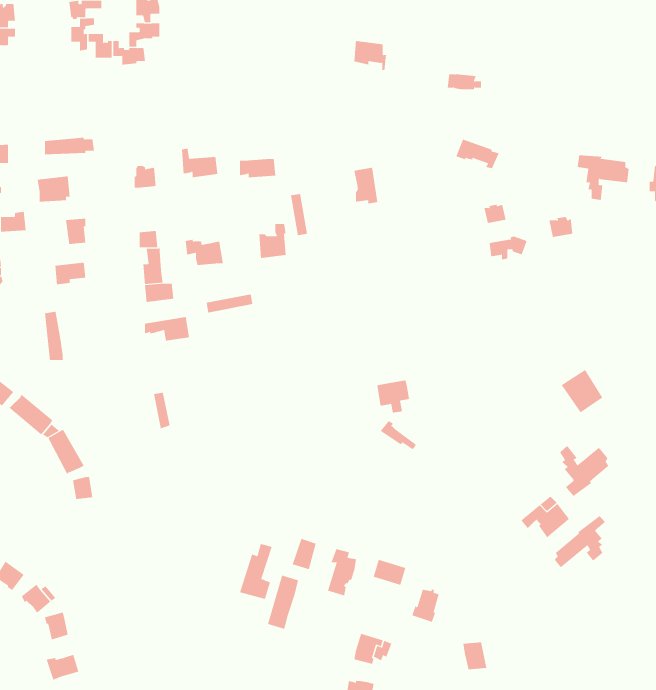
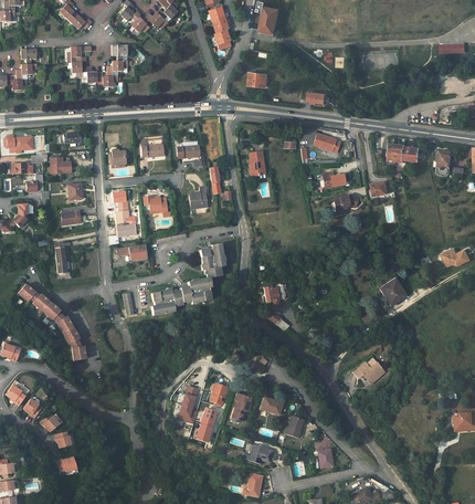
building: none -> [151,243,224,314]
building: [559,445,609,497] -> none
building: [554,515,606,568] -> none

